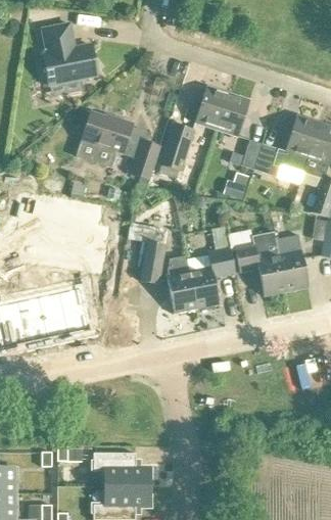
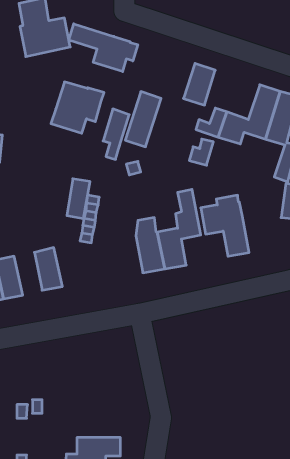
building: none -> [69,24,138,72]
building: [195,86,229,129] -> none
building: [276,234,309,291] -> none
building: [141,241,166,283] -> [67,179,90,218]
building: [38,291,67,336] -> none
building: [93,453,150,486] -> none

